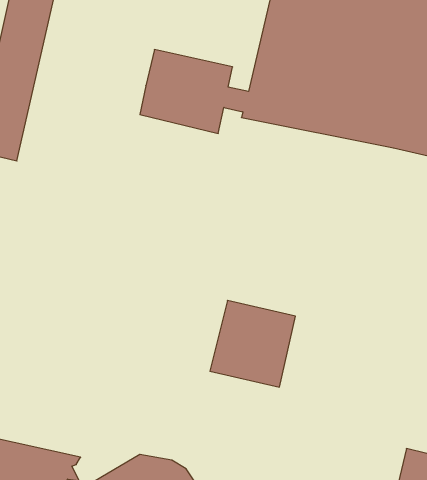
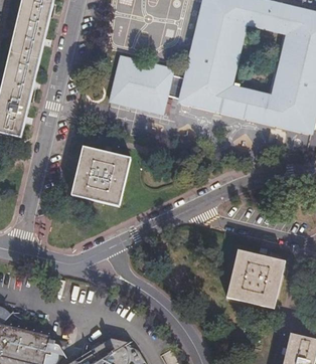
building: none -> [72,146,131,203]
building: [210,300,295,387] -> [225,250,285,311]

